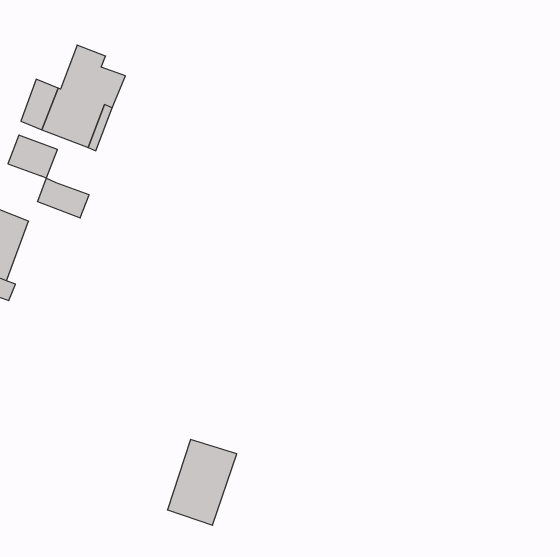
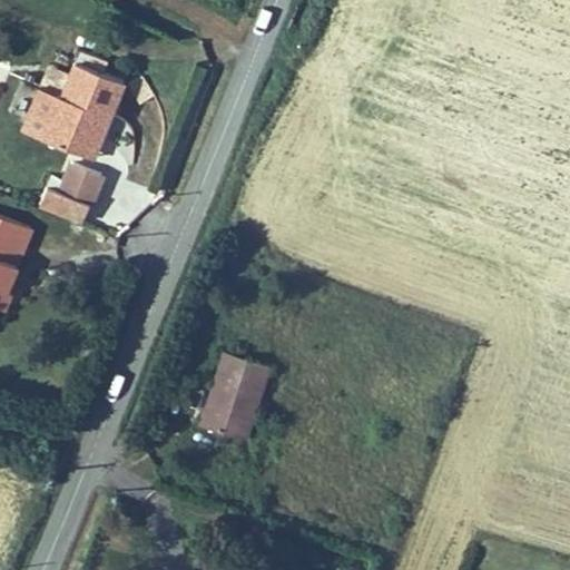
building: [8,135,57,178] -> [57,161,107,205]
building: [167,439,237,525] -> [200,353,271,440]

